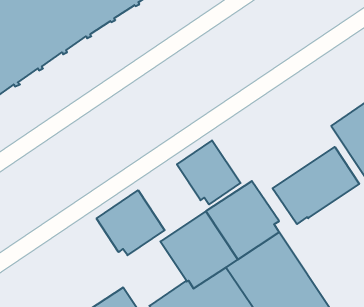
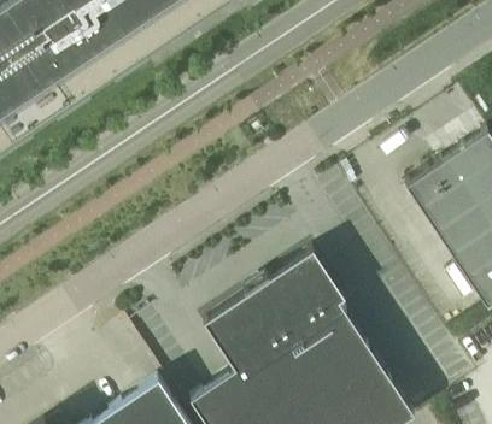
building: [177,140,241,204] -> none
building: [273,147,359,224] -> none
building: [97,190,165,255] -> none

